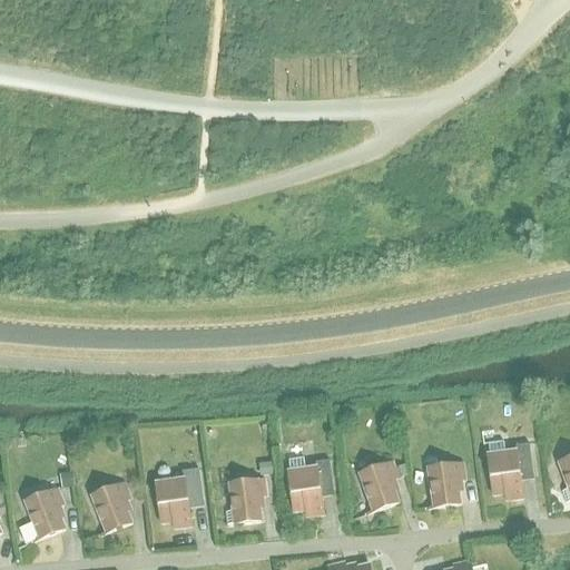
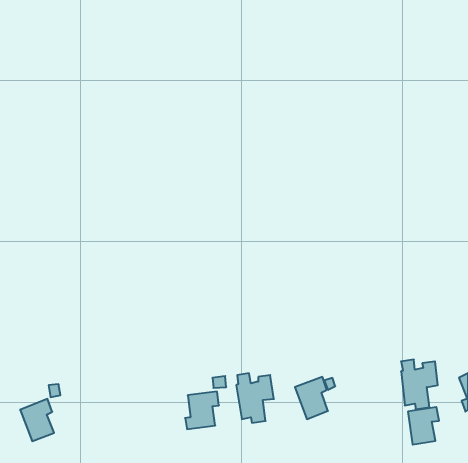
building: [428,460,465,505] -> [408,407,439,445]
building: [155,465,204,525] -> none
building: [91,480,131,531] -> none

